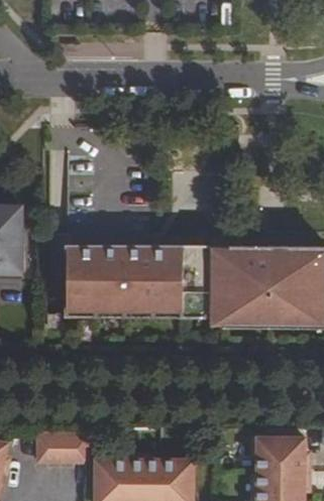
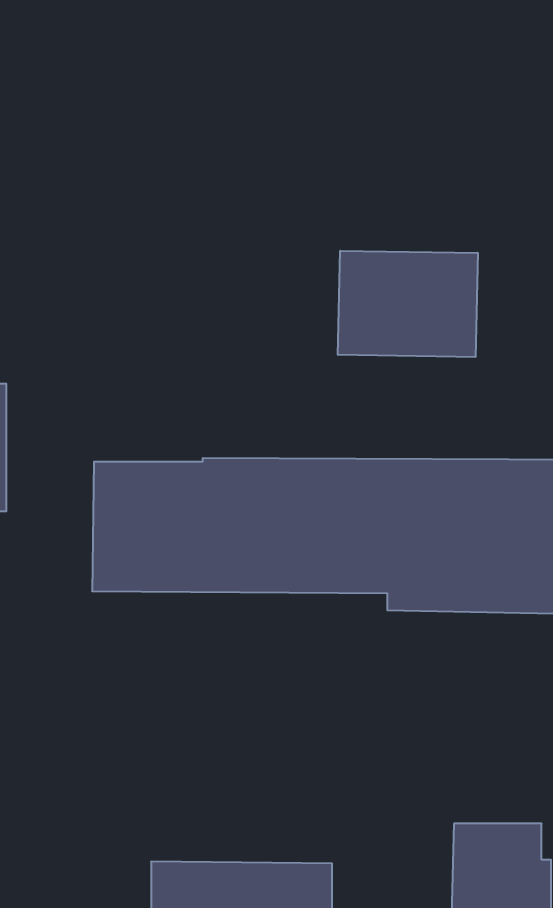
building: none -> [338,251,478,357]
building: [38,433,87,462] -> none

